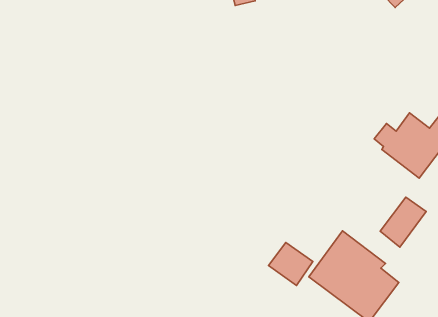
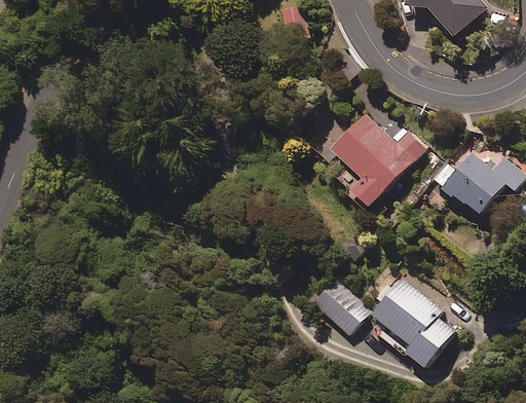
building: none -> [328,109,421,206]
building: [380,197,426,247] -> none

